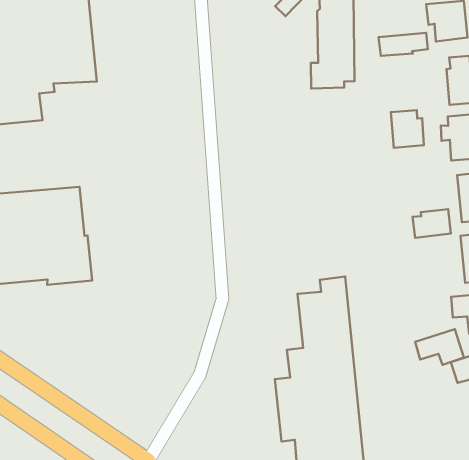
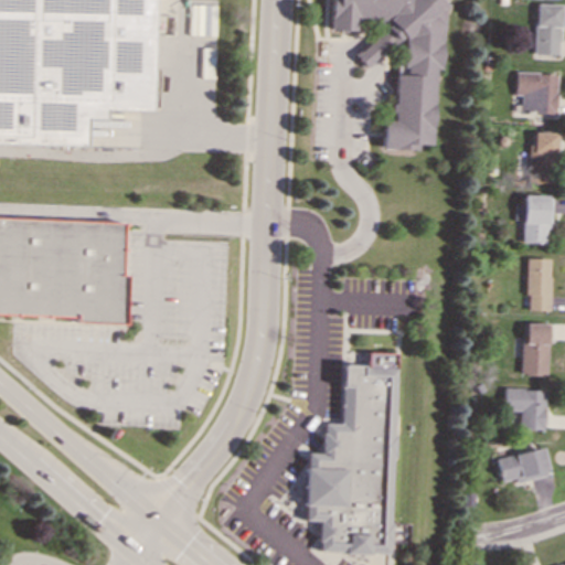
building: [378,33,428,56] -> none
building: [391,110,424,148] -> none
building: [413,209,451,238] -> none
building: [415,329,464,365] -> none

